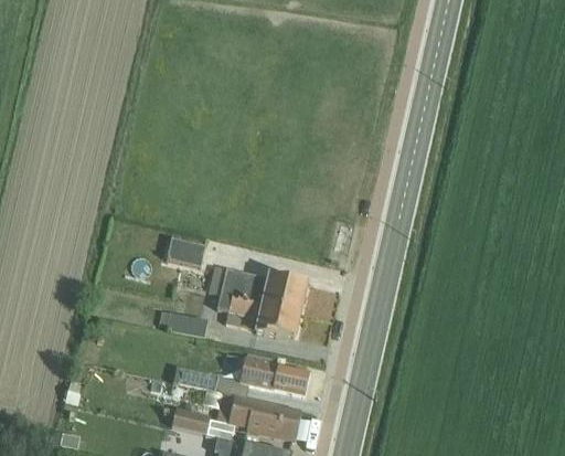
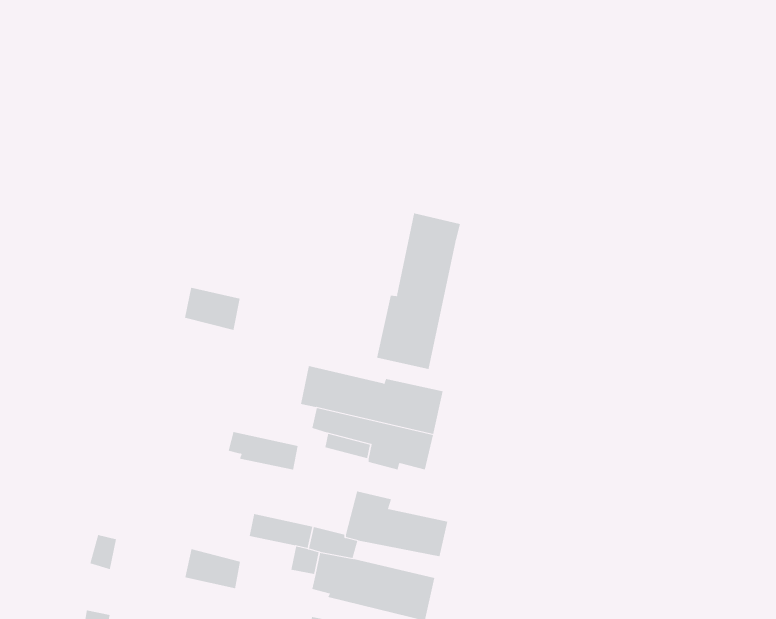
building: none -> [376,213,460,370]
building: [167,237,205,267] -> [184,287,240,331]
building: [171,406,210,434] -> [184,549,241,589]

